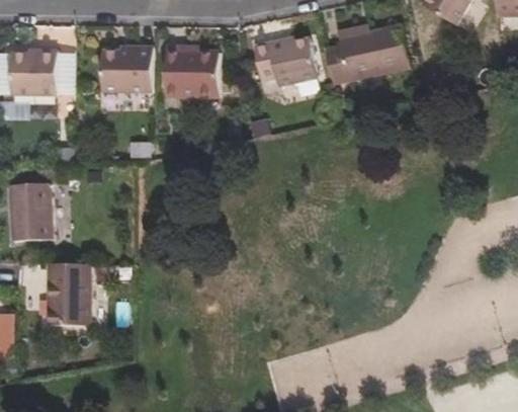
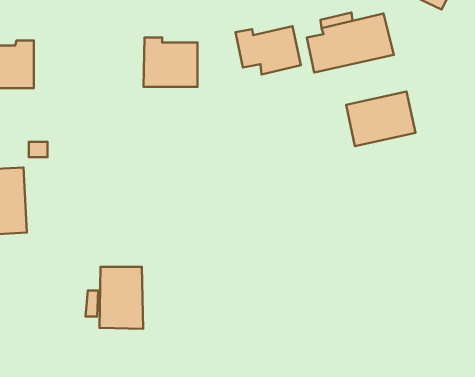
building: [103,49,153,93] -> none
building: none -> [346,92,416,146]
building: [40,263,83,324] -> [100,267,143,329]

